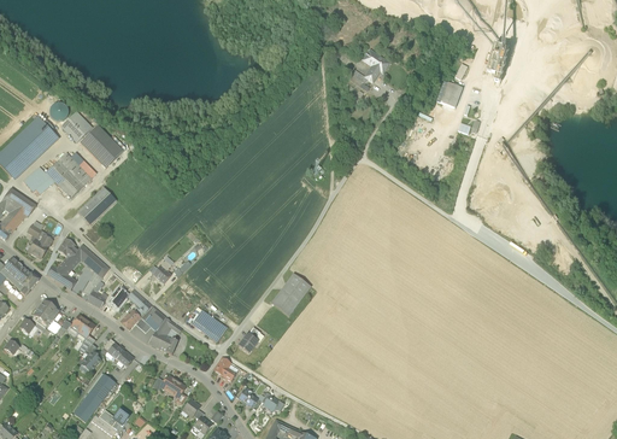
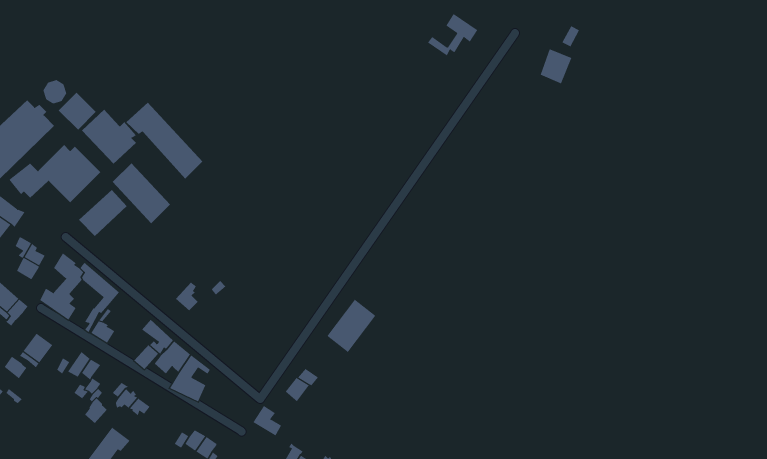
building: none -> [126,102,203,179]
building: none -> [112,162,171,224]
building: [190,309,227,341] -> none

